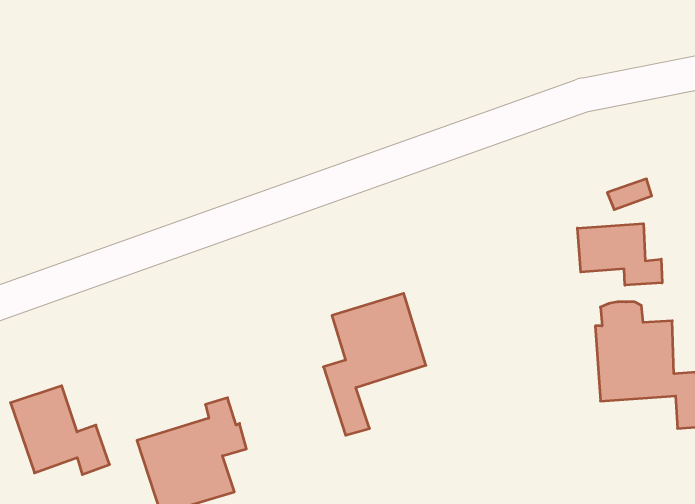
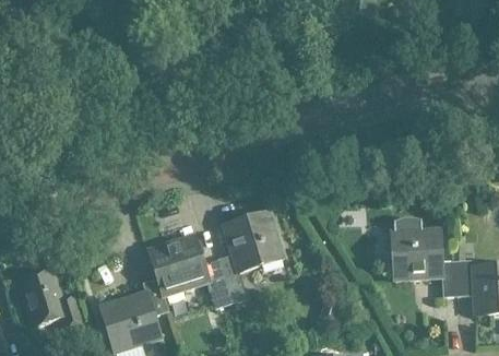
building: [577,224,662,285] -> none
building: none -> [148,234,233,307]

